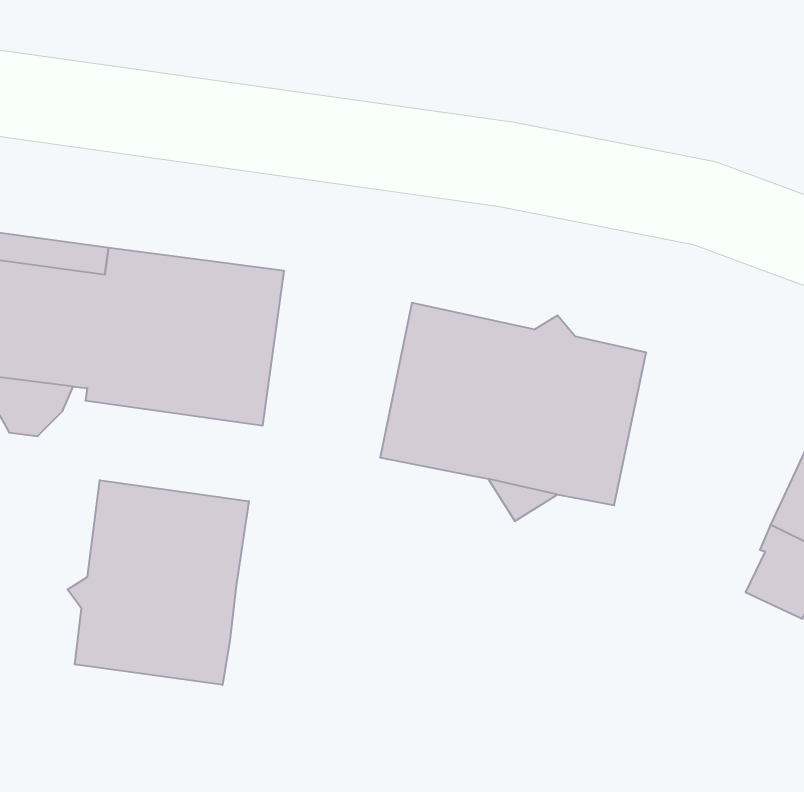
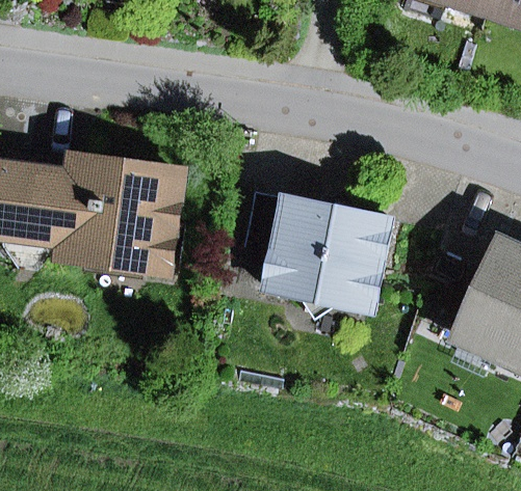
building: [68,480,249,685] -> none

